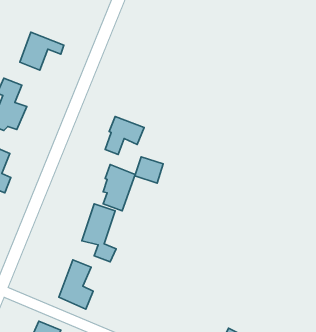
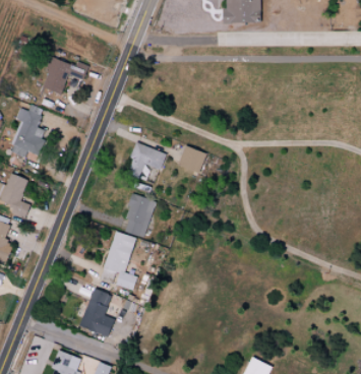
building: [135,157,163,183] -> [177,145,205,172]

